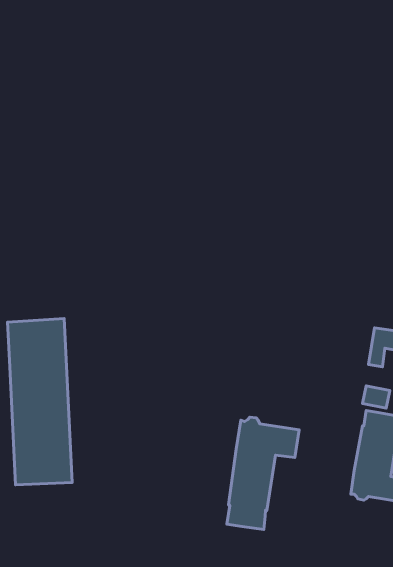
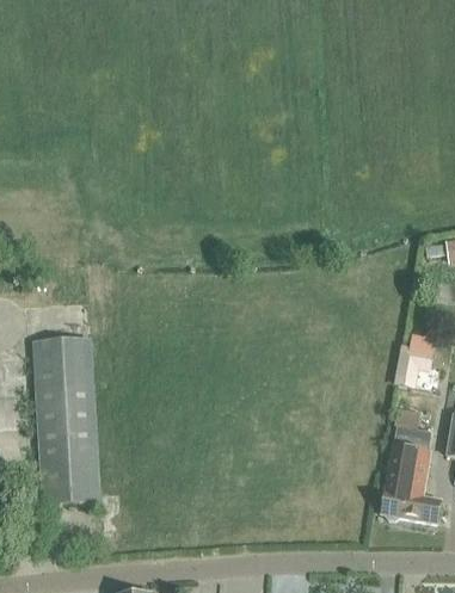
building: [227,417,299,529] -> none

